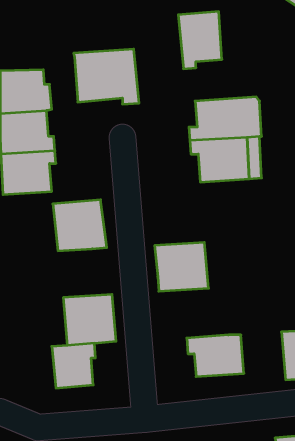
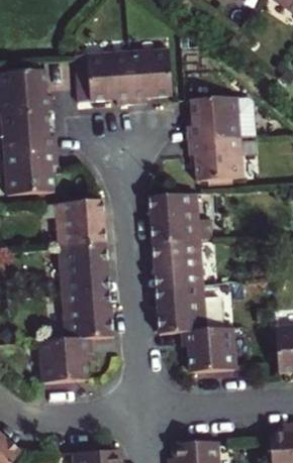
building: [178,12,222,69] -> [130,49,173,105]
building: none -> [149,194,199,243]
building: none -> [57,245,109,294]
building: none -> [155,284,222,334]

